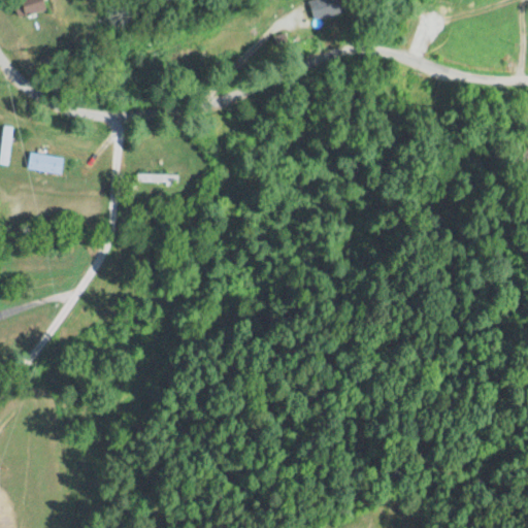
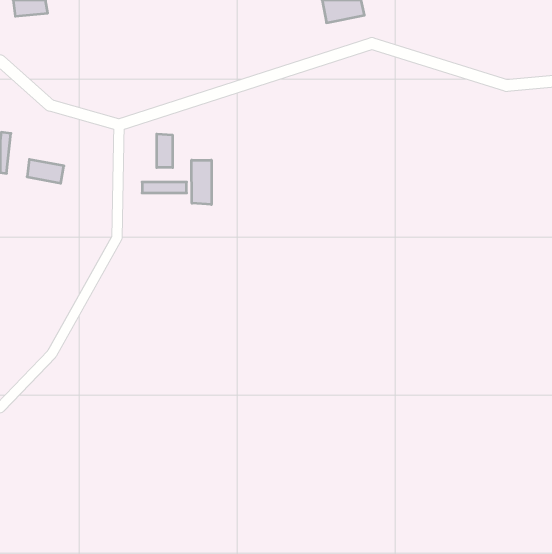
building: none -> [157,134,173,168]
building: none -> [192,160,211,205]

